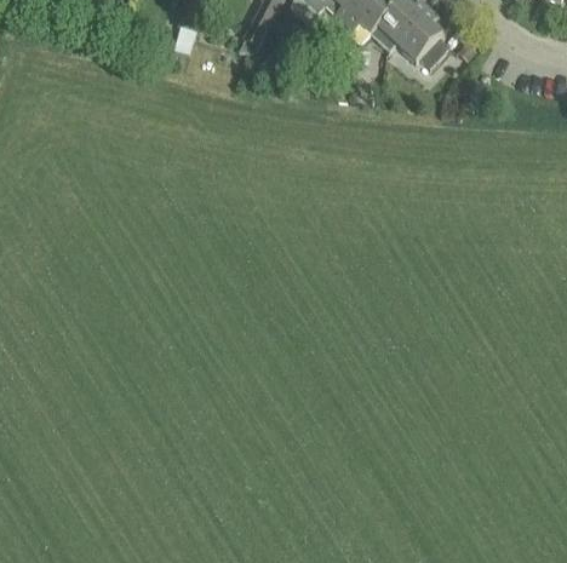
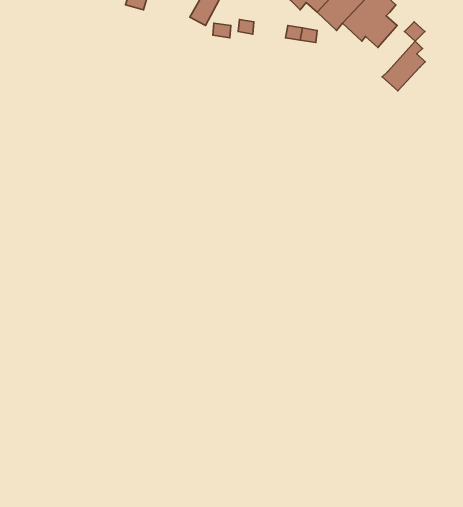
building: none -> [382,41,425,91]

